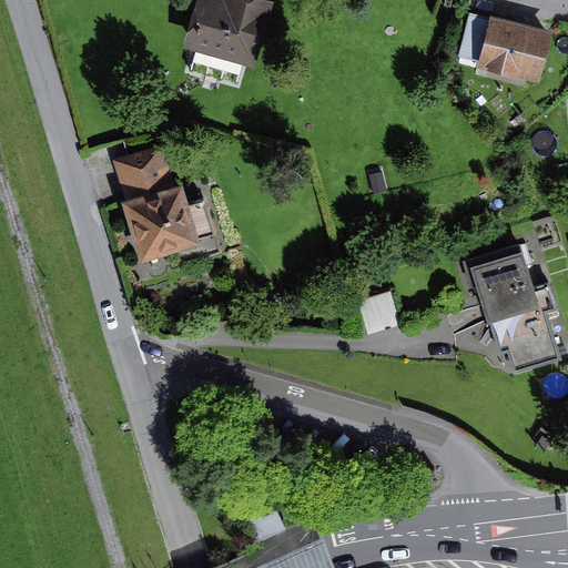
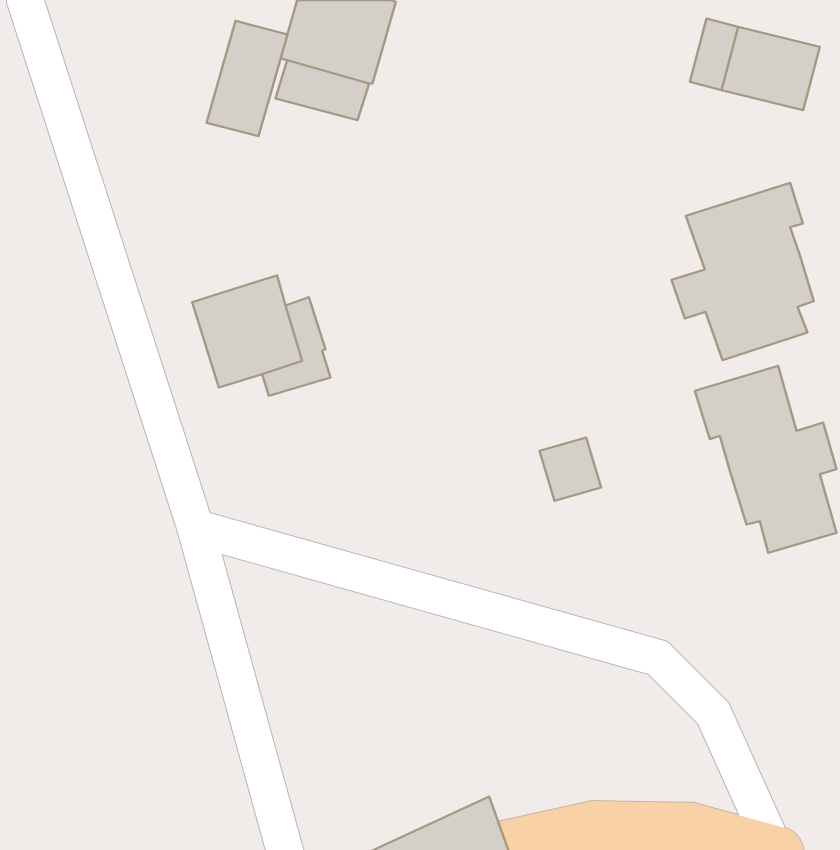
building: none -> [206,21,287,136]
building: none -> [671,183,814,360]
building: [114,149,173,203] -> none

